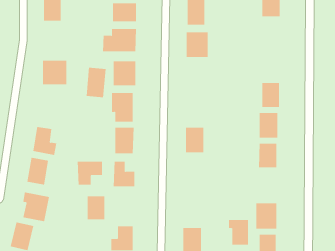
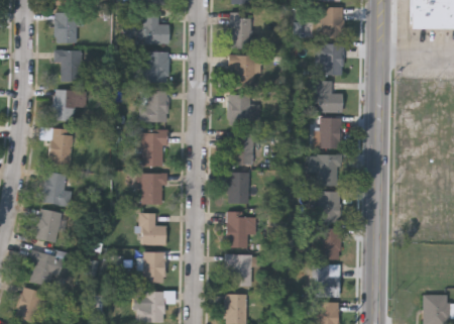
building: none -> [315,43,343,74]
building: none -> [53,49,82,81]
building: none -> [315,81,342,112]
building: none -> [227,95,250,124]
building: [86,67,106,98] -> [48,127,74,165]
building: none -> [227,132,253,164]
building: none -> [226,211,255,246]
building: [77,161,103,185] -> none
building: none -> [311,228,340,258]
building: [87,196,105,220] -> [143,252,165,282]
building: [228,220,249,245] -> [226,254,251,286]

